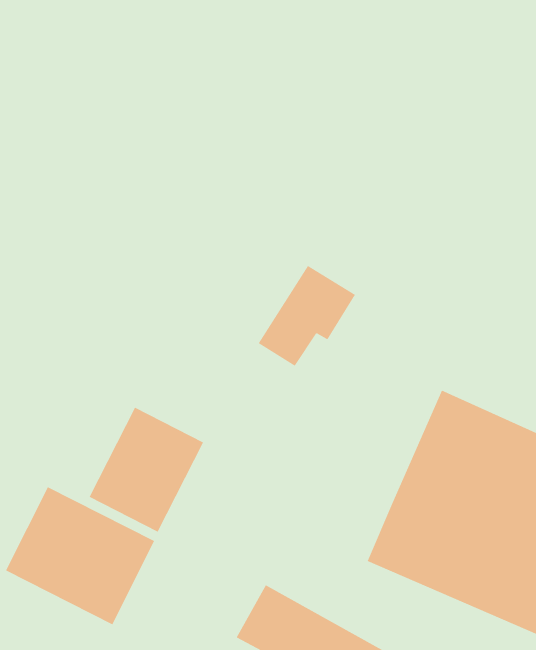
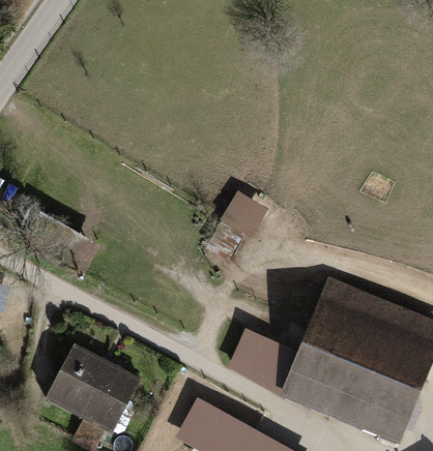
building: [89,407,204,533] -> none
building: none -> [230,330,296,390]

